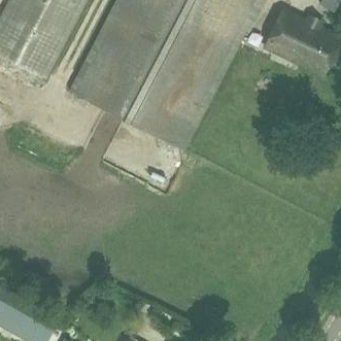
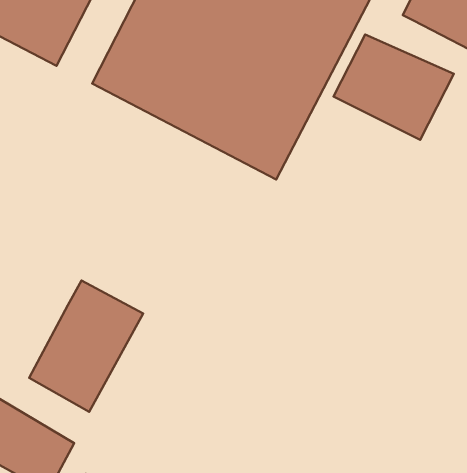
building: none -> [333,34,454,140]
building: none -> [29,281,143,412]

